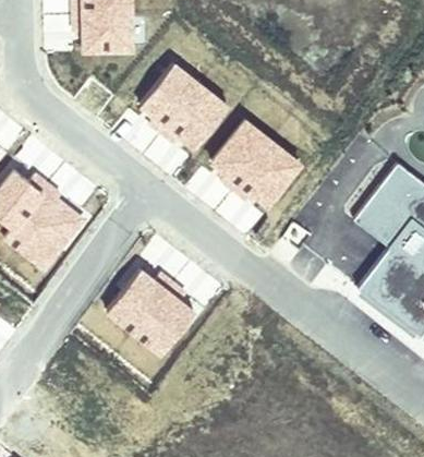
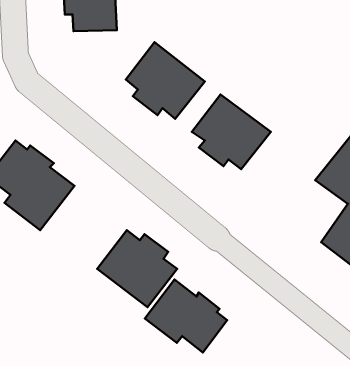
building: none -> [145,280,227,352]

